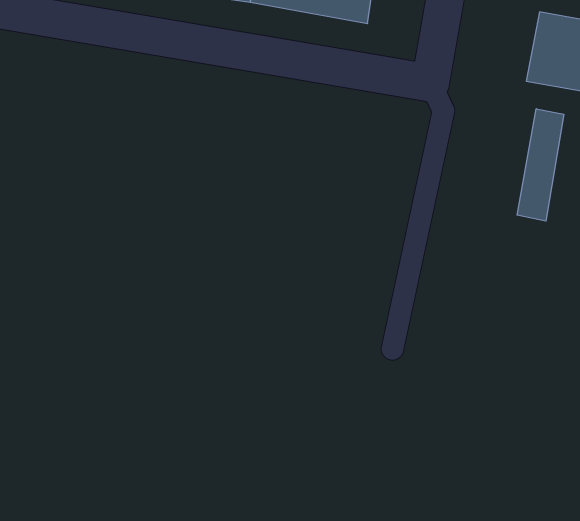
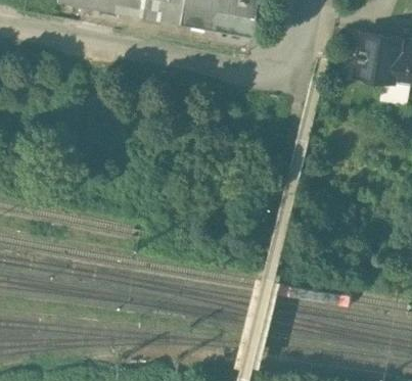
building: [517,109,564,221] -> none

